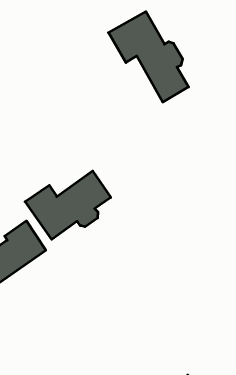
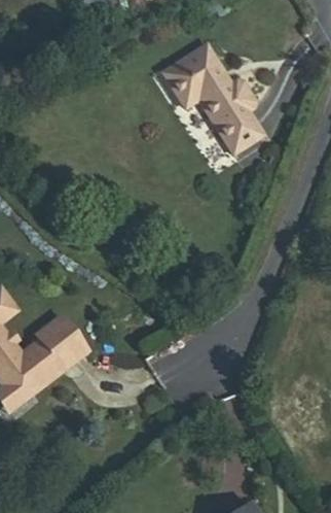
building: [25,171,111,239] -> none

